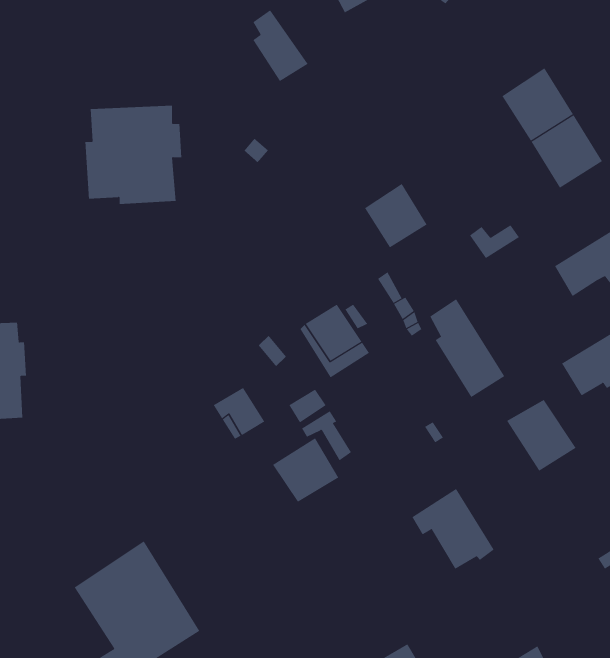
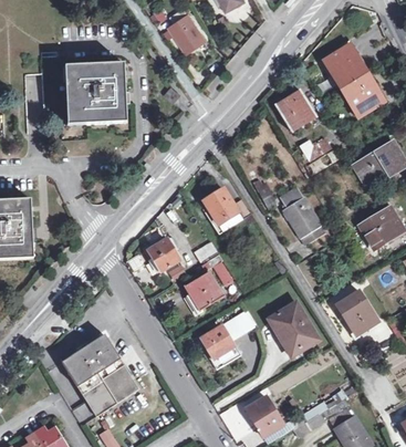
building: [364,183,427,248] -> [277,90,315,129]
building: [506,399,577,471] -> [336,291,379,335]
building: none -> [200,319,241,367]

